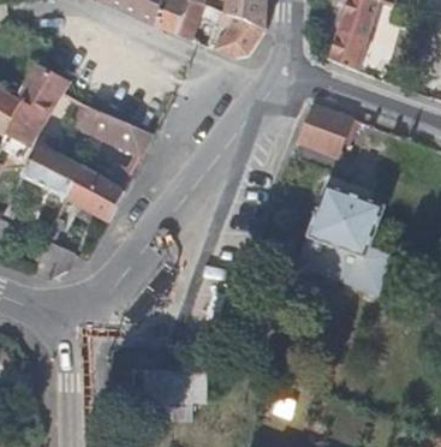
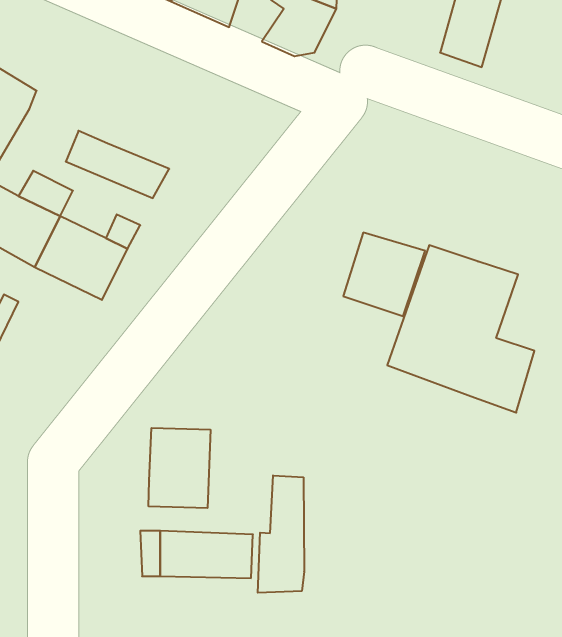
building: [293,102,347,157] -> [343,233,425,316]
building: none -> [149,428,210,508]
building: none -> [258,475,304,593]

